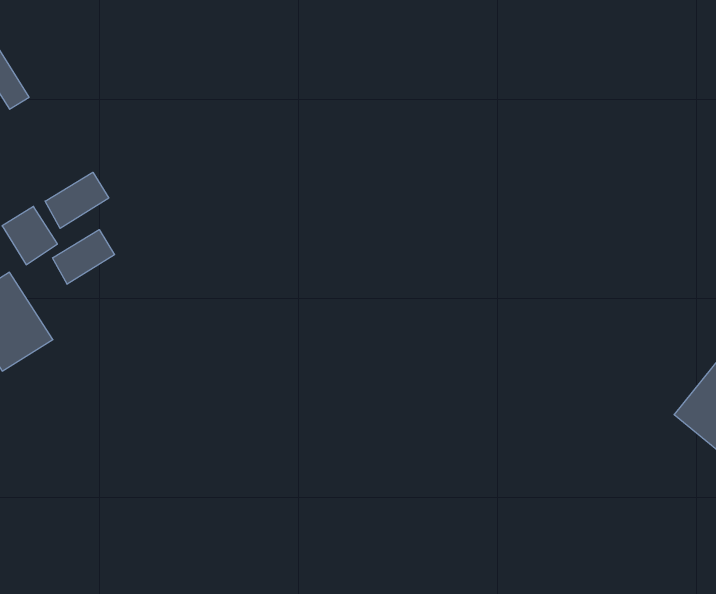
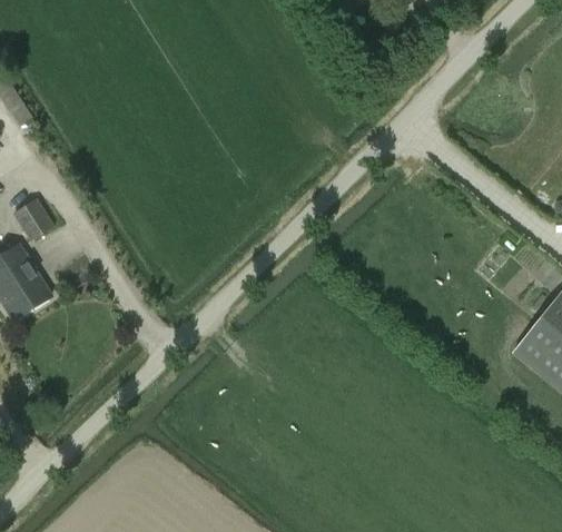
building: [45,172,109,228] -> none
building: [53,230,115,284] -> none

